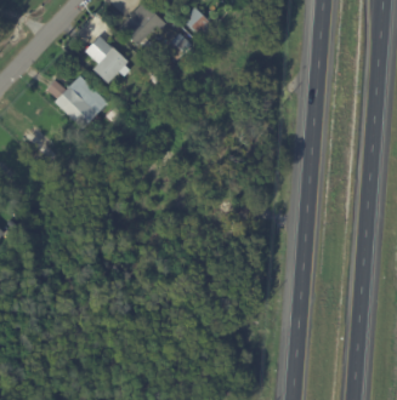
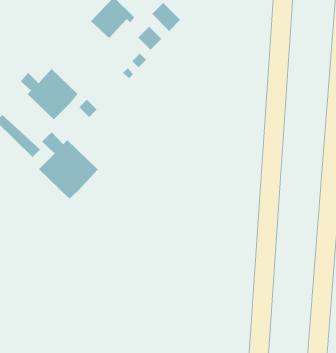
building: [84,35,129,82] -> none
building: none -> [38,131,98,200]

